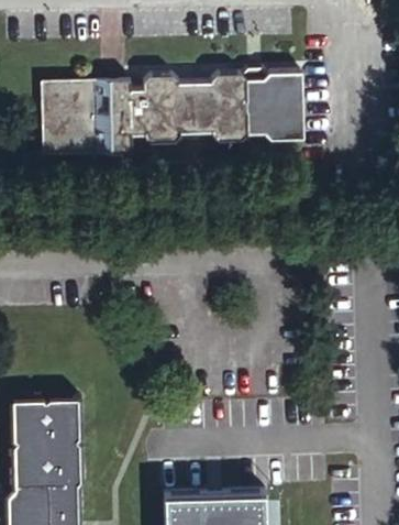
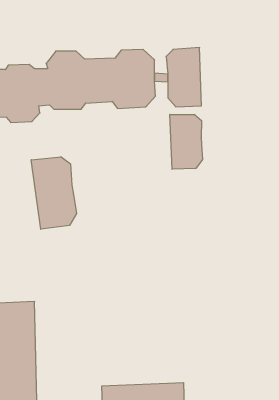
building: none -> [170,114,203,169]
building: none -> [31,157,77,229]

